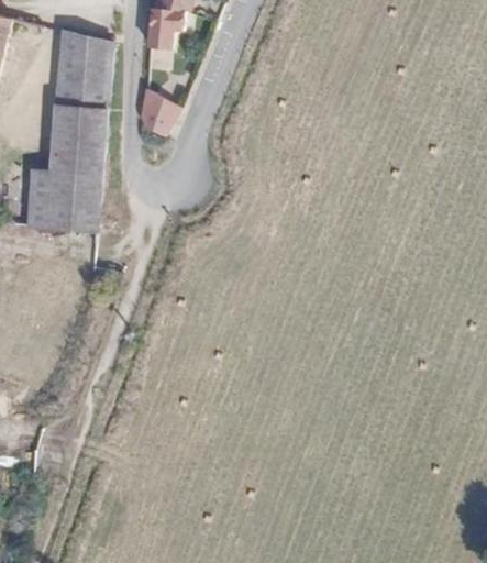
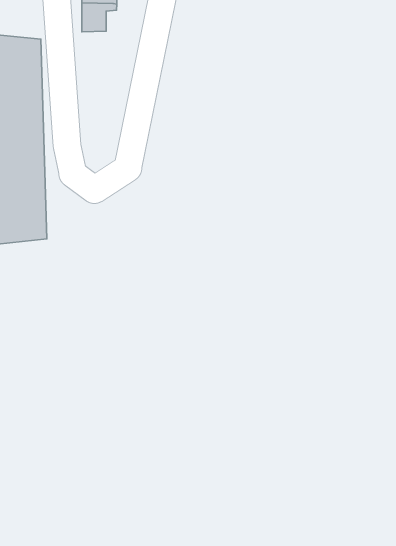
building: [147,79,182,124] -> none

